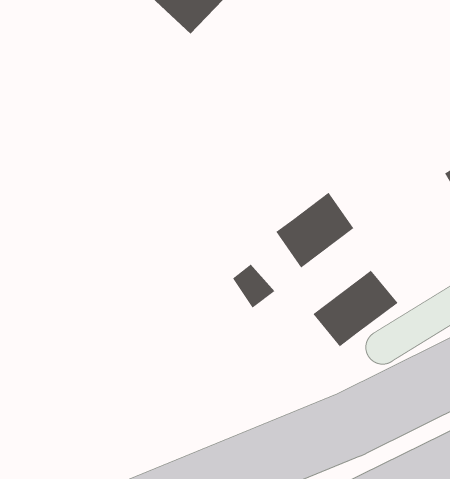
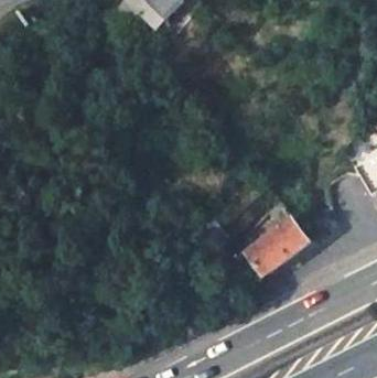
building: [276,192,354,268] -> none

